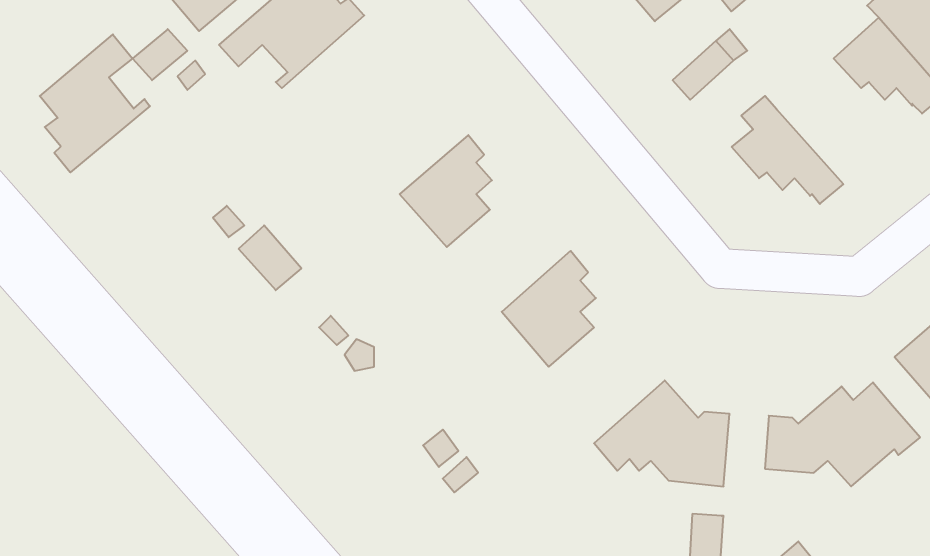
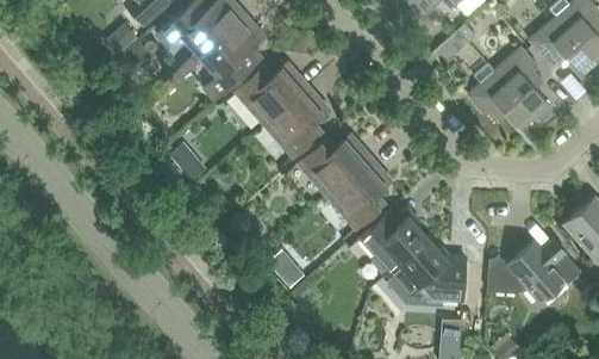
building: none -> [194,14,261,99]
building: [40,34,150,172] -> none
building: none -> [494,47,548,117]
building: none -> [236,67,307,123]
building: none -> [299,138,369,194]
building: none -> [362,210,426,274]

